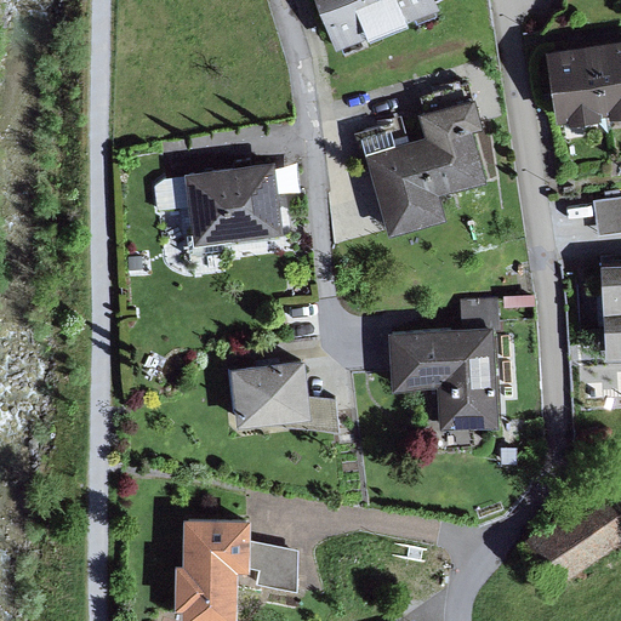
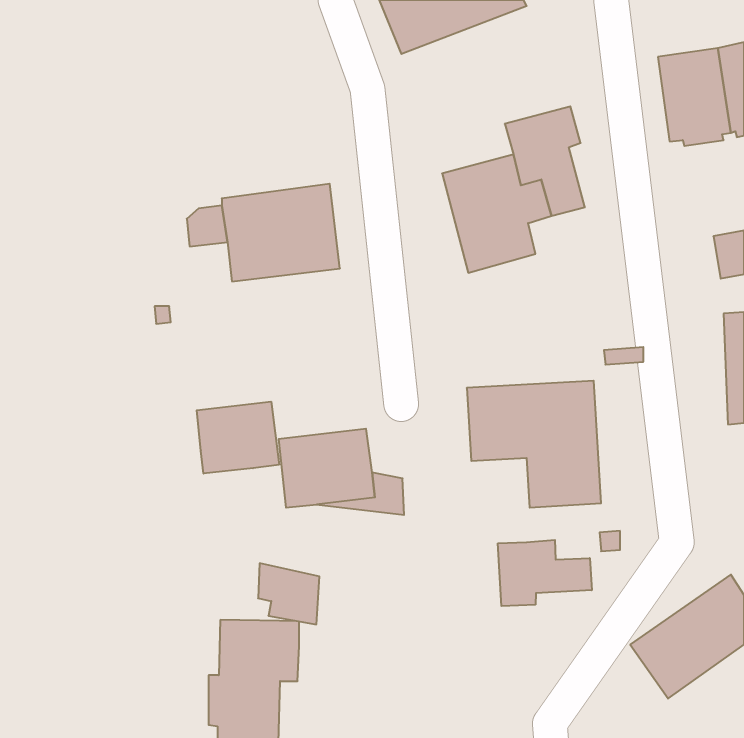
building: none -> [197,402,279,474]
building: none -> [498,540,592,606]
building: [247,543,298,594] -> [258,563,319,624]

